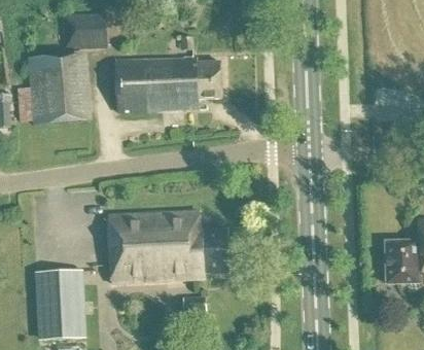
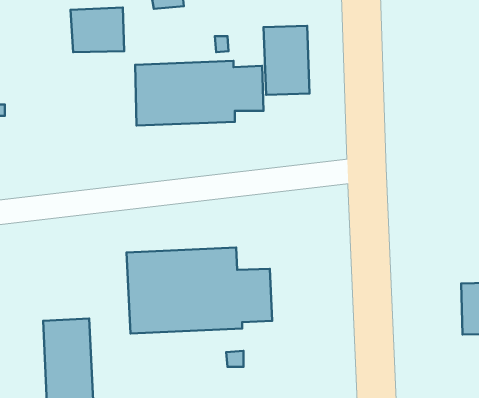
building: none -> [264,26,310,95]
building: [31,57,89,124] -> none

